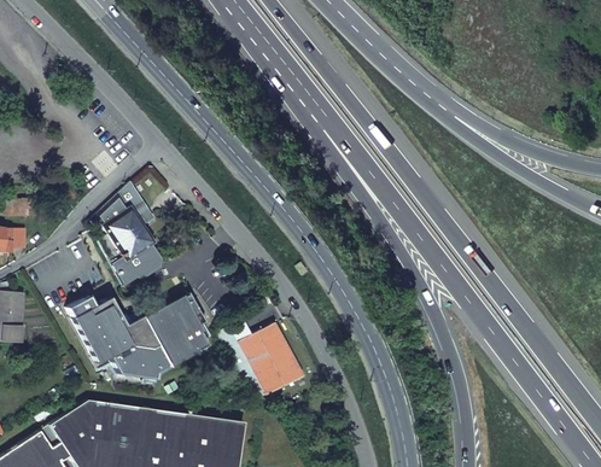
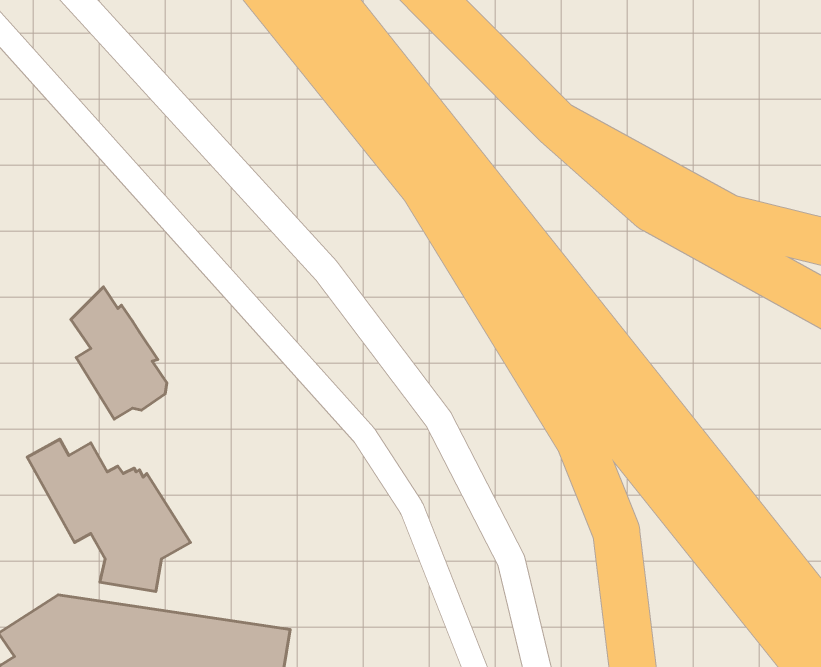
building: [147,293,210,364] -> none
building: [223,322,305,399] -> none

